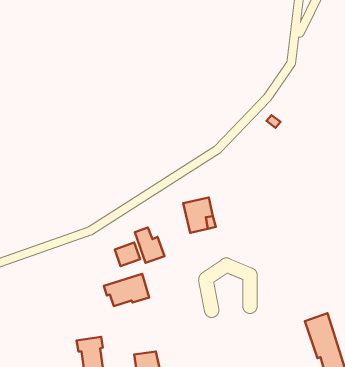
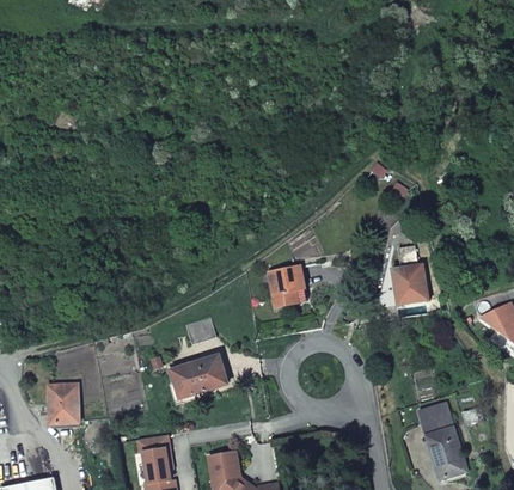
building: none -> [391,246,427,305]
building: [135,227,164,263] -> none
building: none -> [49,384,80,417]

